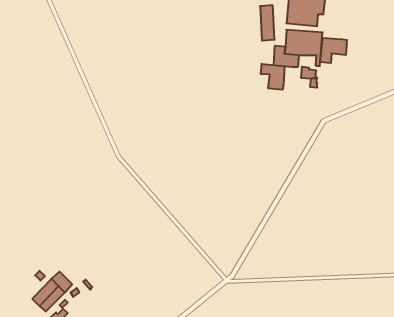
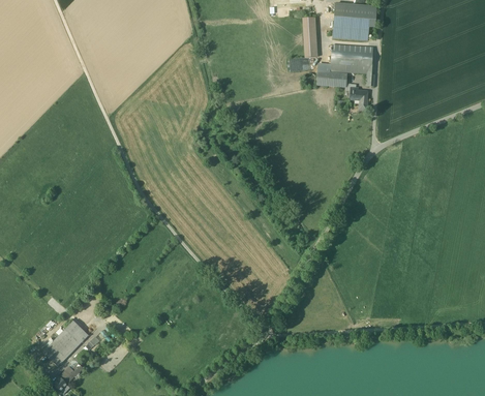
building: [320,38,347,63] -> none
building: [261,64,285,90] -> none

